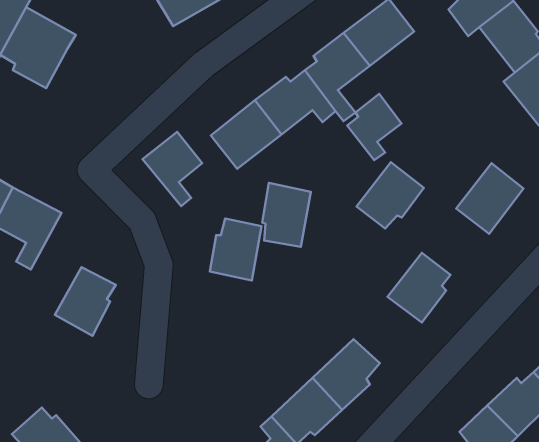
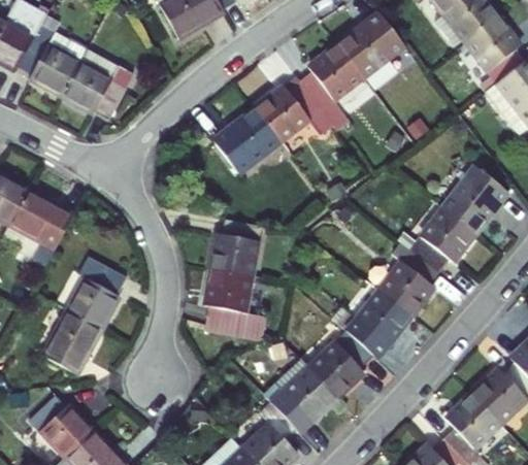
building: none -> [60,61,134,117]
building: [347,94,402,160] -> none
building: [143,132,202,206] -> none
building: [356,162,424,229] -> [410,209,473,271]
building: [262,183,311,247] -> [206,268,252,328]
building: none -> [332,292,410,354]
building: none -> [43,308,103,374]

